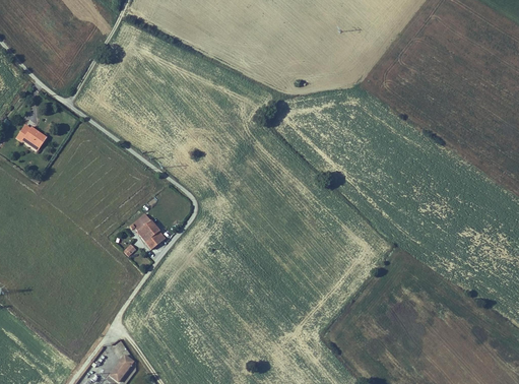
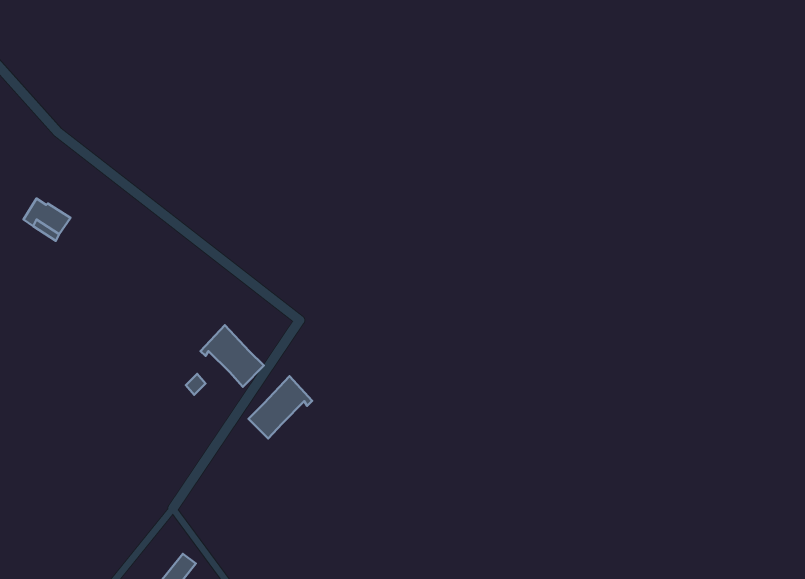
building: none -> [248,376,312,439]

